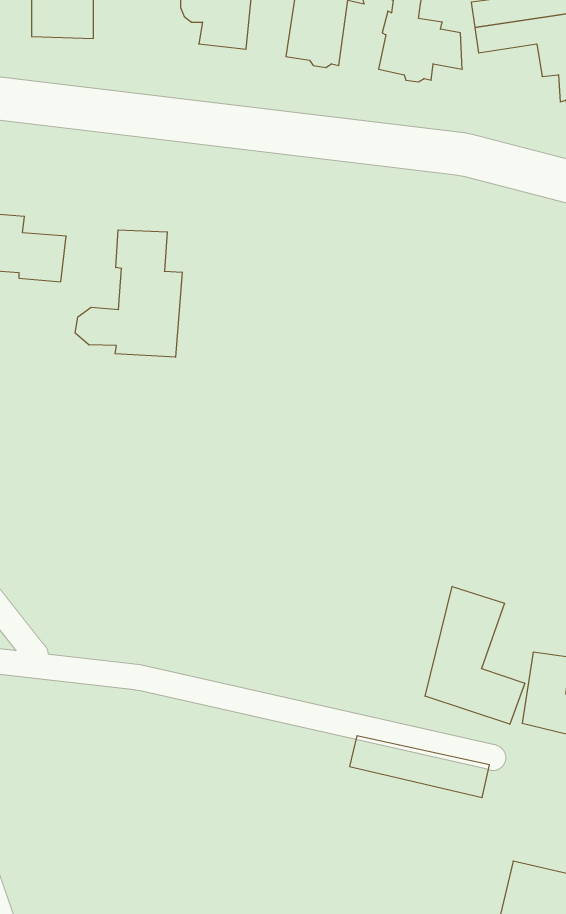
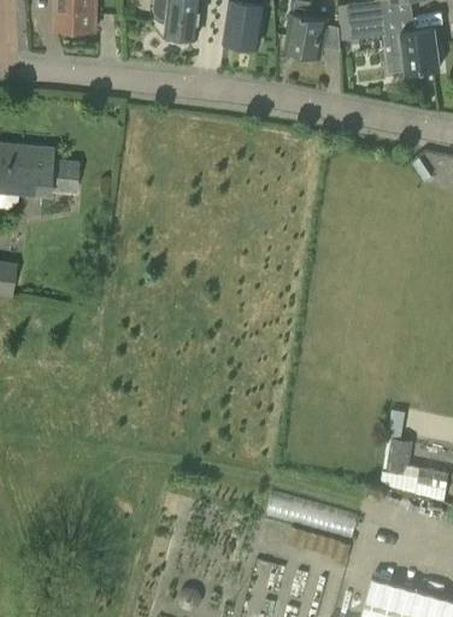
building: [75,230,182,357] -> none
building: [425,586,525,724] -> none

